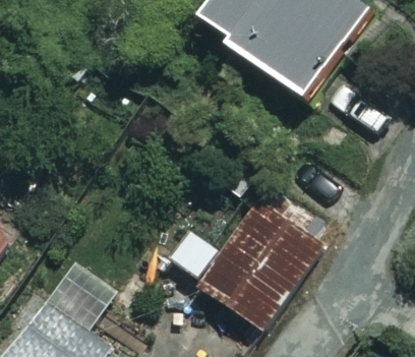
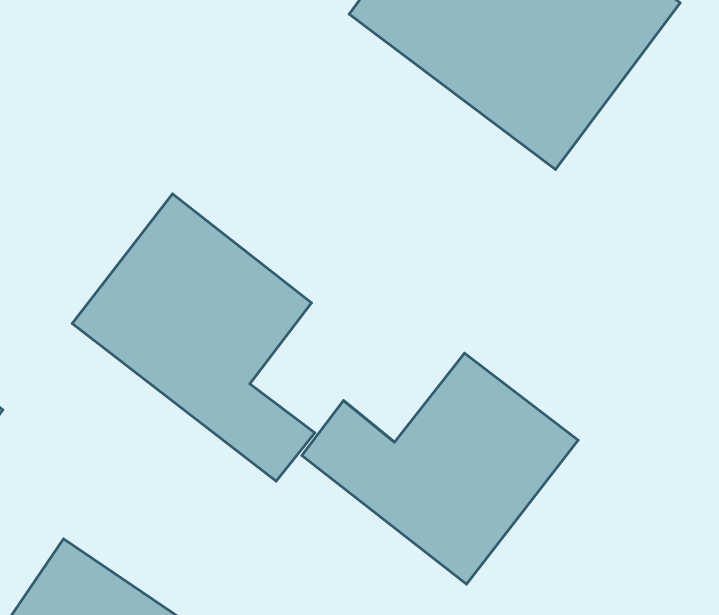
building: none -> [72,194,315,481]

